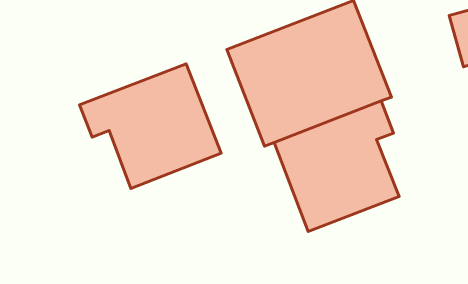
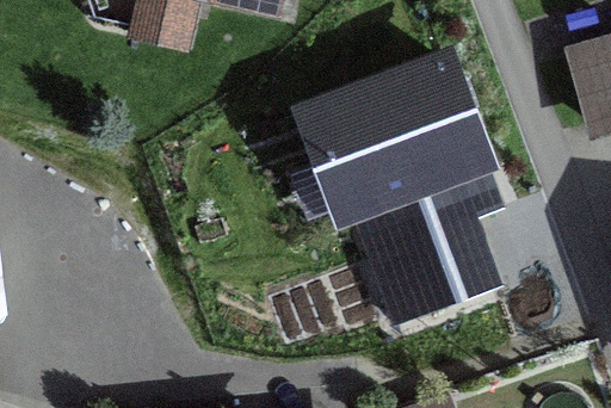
building: [80,64,221,188] -> none

